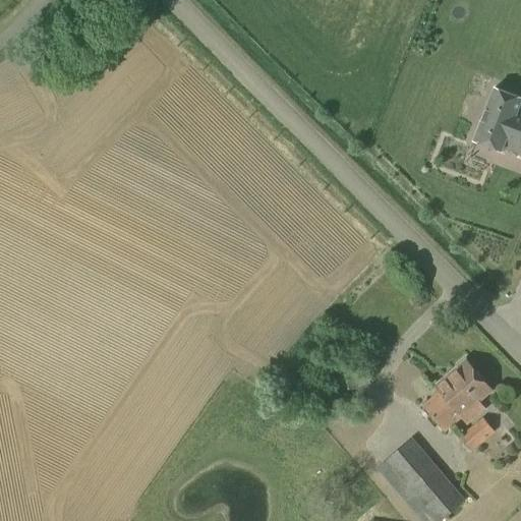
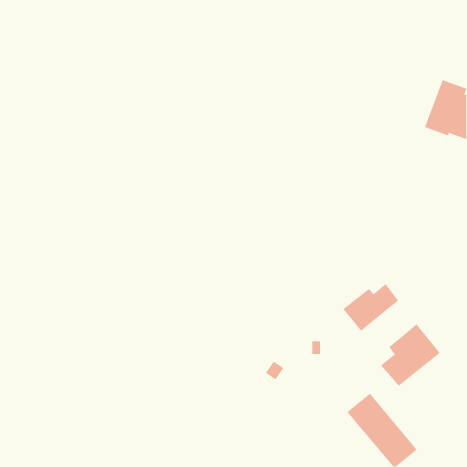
building: none -> [343,283,399,332]
building: [460,417,495,451] -> none

